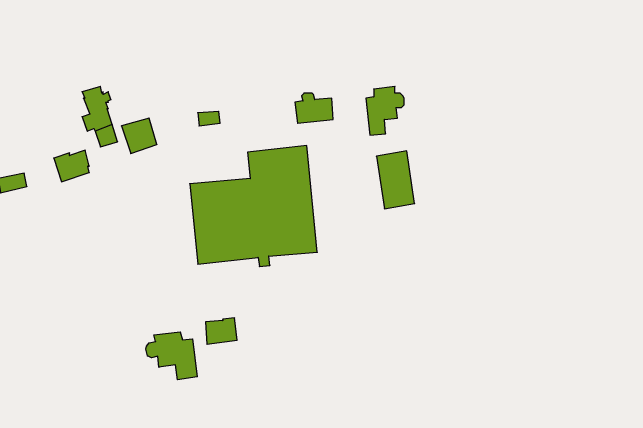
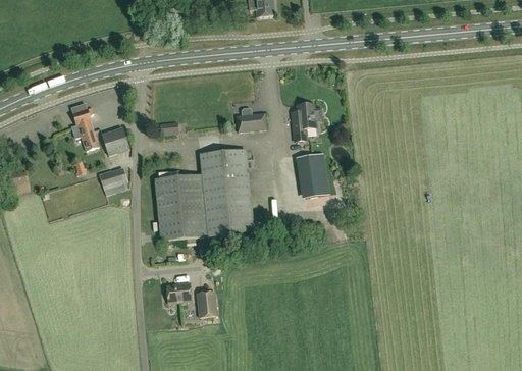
building: [54,150,89,182] -> [99,168,126,193]
building: none -> [196,289,217,316]
building: [146,332,197,380] -> none

